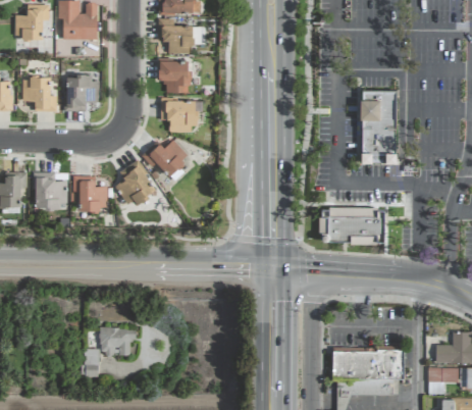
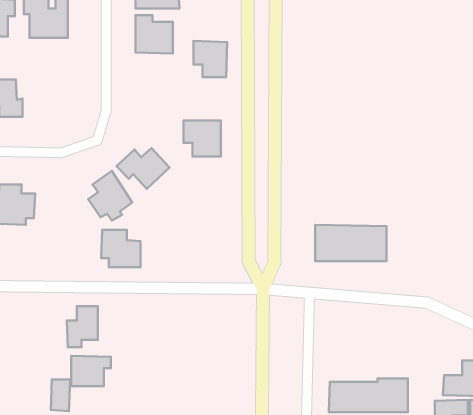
building: [159,60,190,93] -> [193,41,227,77]
building: [64,74,99,111] -> none
building: [362,91,398,162] -> none
building: [162,100,196,133] -> [184,120,221,156]
building: [72,176,108,210] -> [101,230,141,267]
building: none -> [67,306,98,347]

